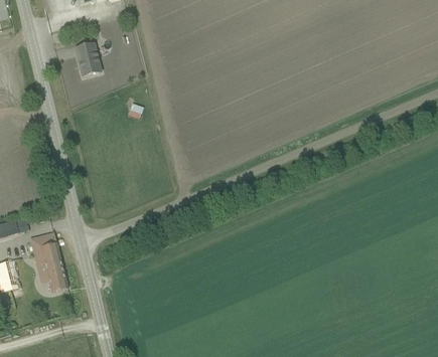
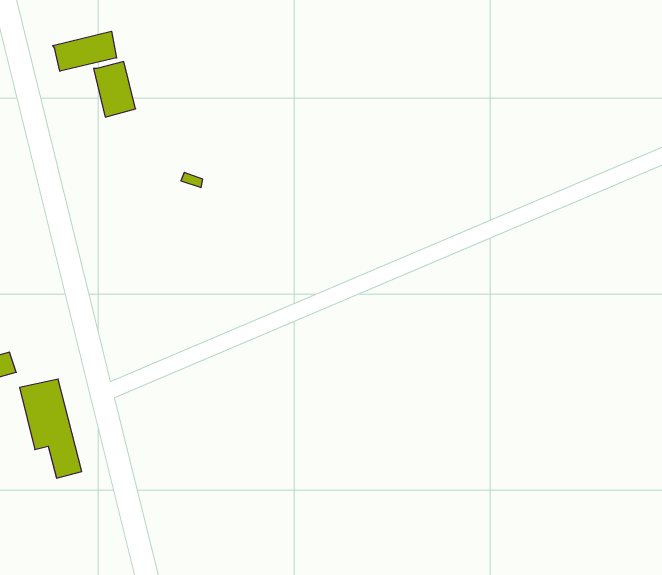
building: none -> [53,31,117,71]

